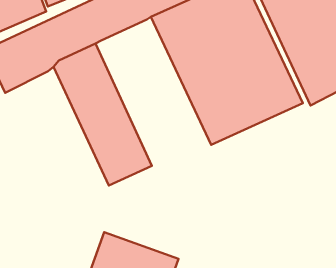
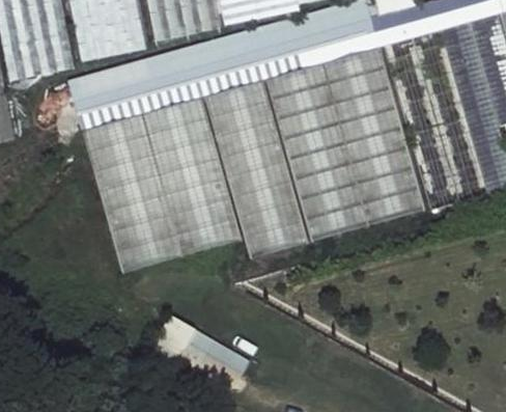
building: none -> [204,79,305,253]
building: none -> [83,119,178,280]

